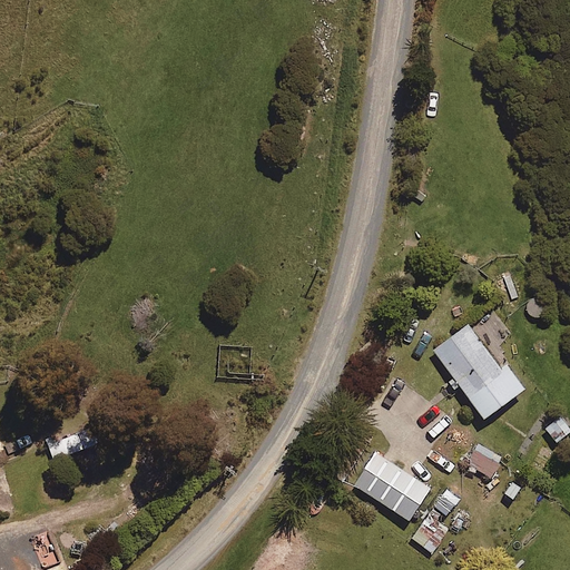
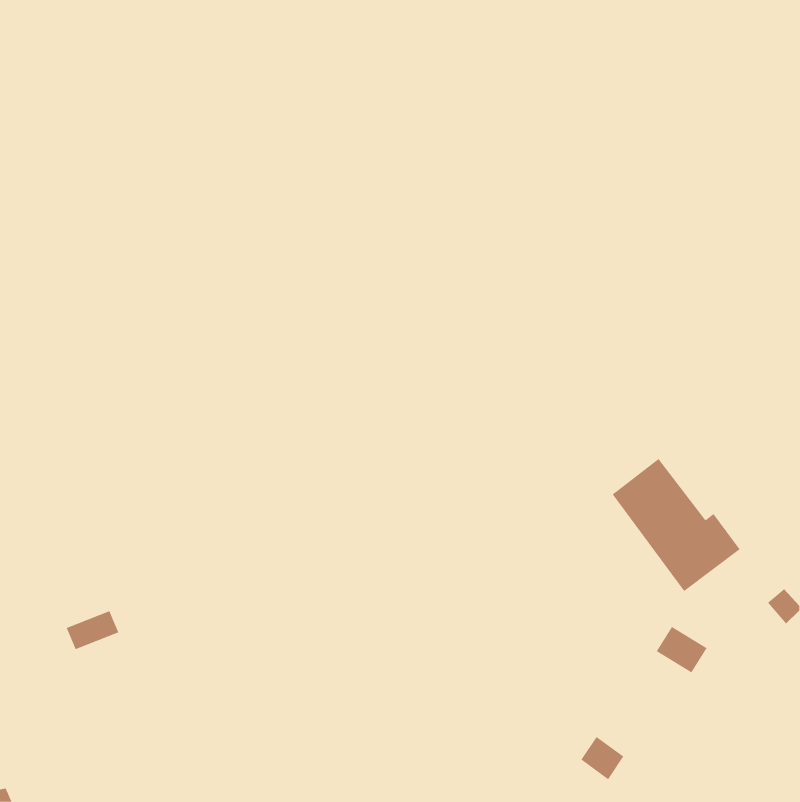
building: [346,449,431,521] -> none

